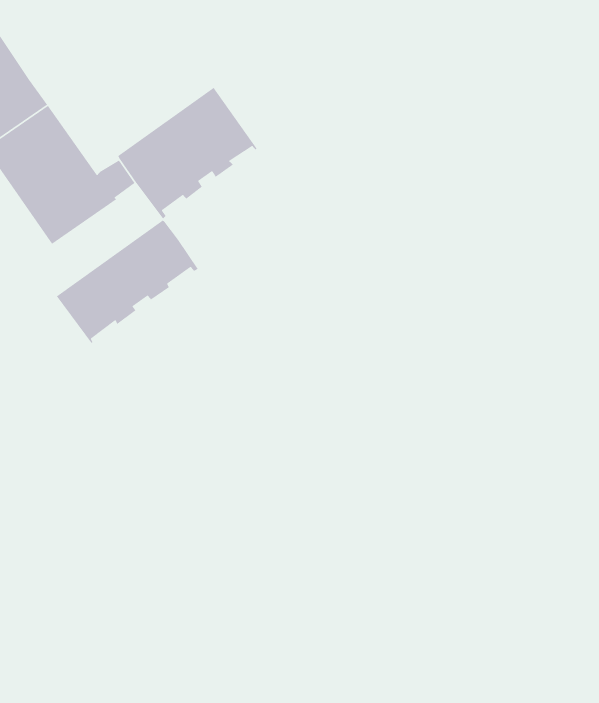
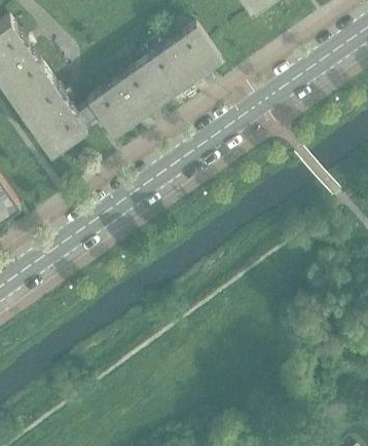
building: none -> [139,24,218,97]
building: [56,220,199,344] -> none

